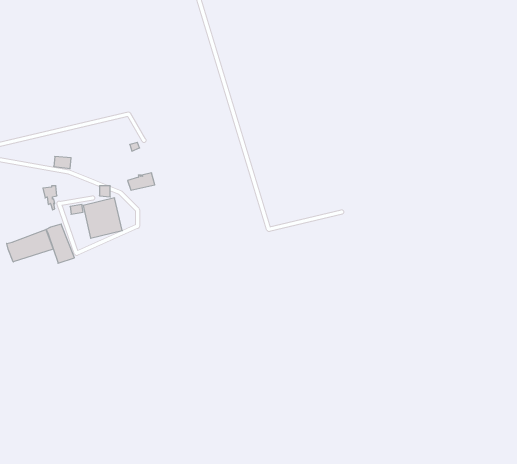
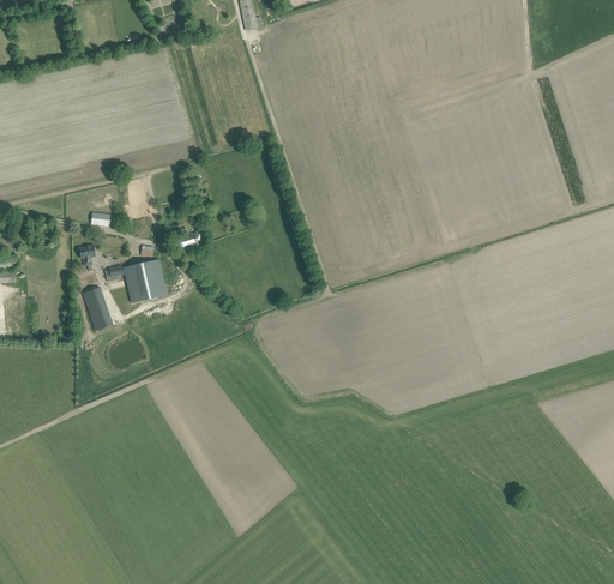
building: [7,230,53,262] -> none

